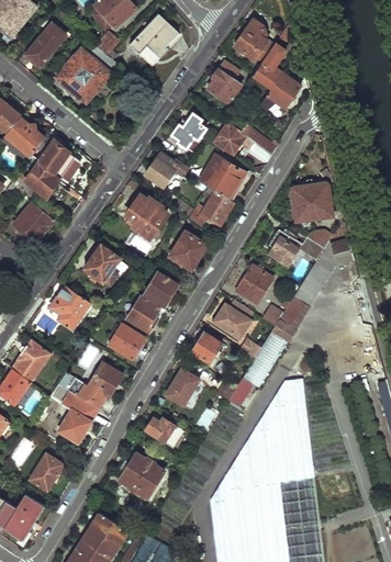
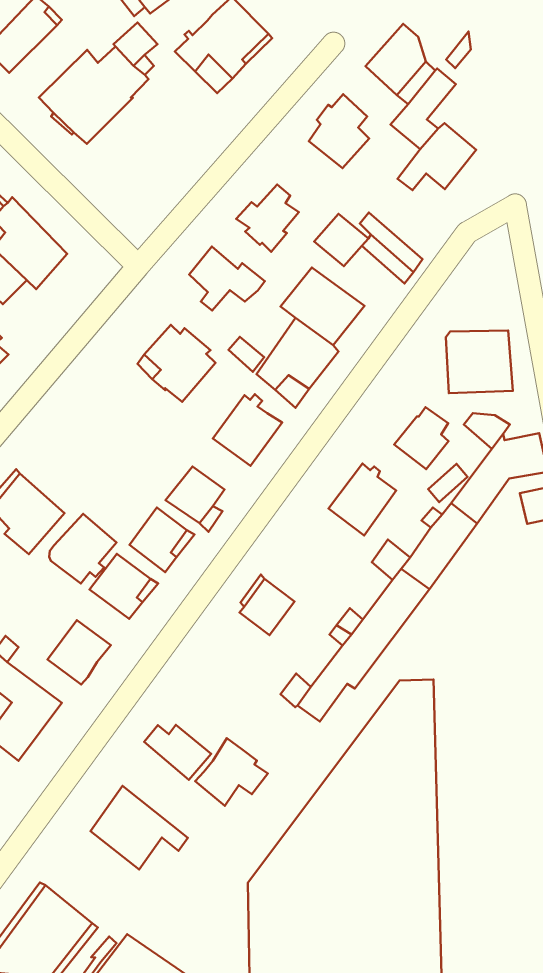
building: [83,244,120,282] -> [49,514,116,583]
building: [212,297,253,338] -> none
building: [165,368,204,405] -> [195,738,268,806]

